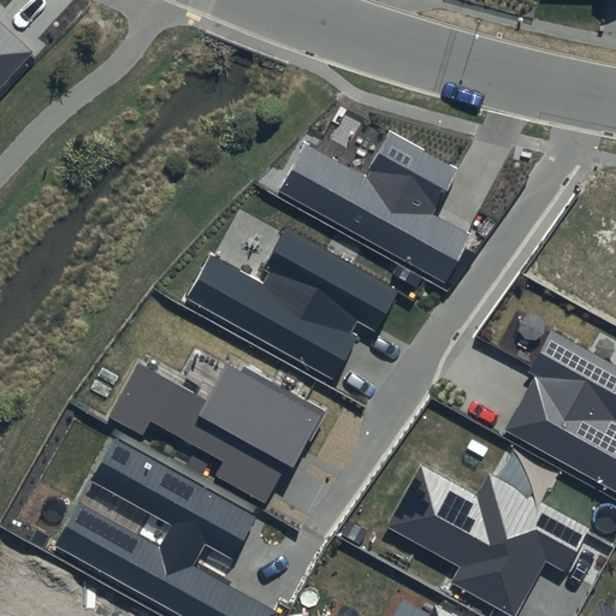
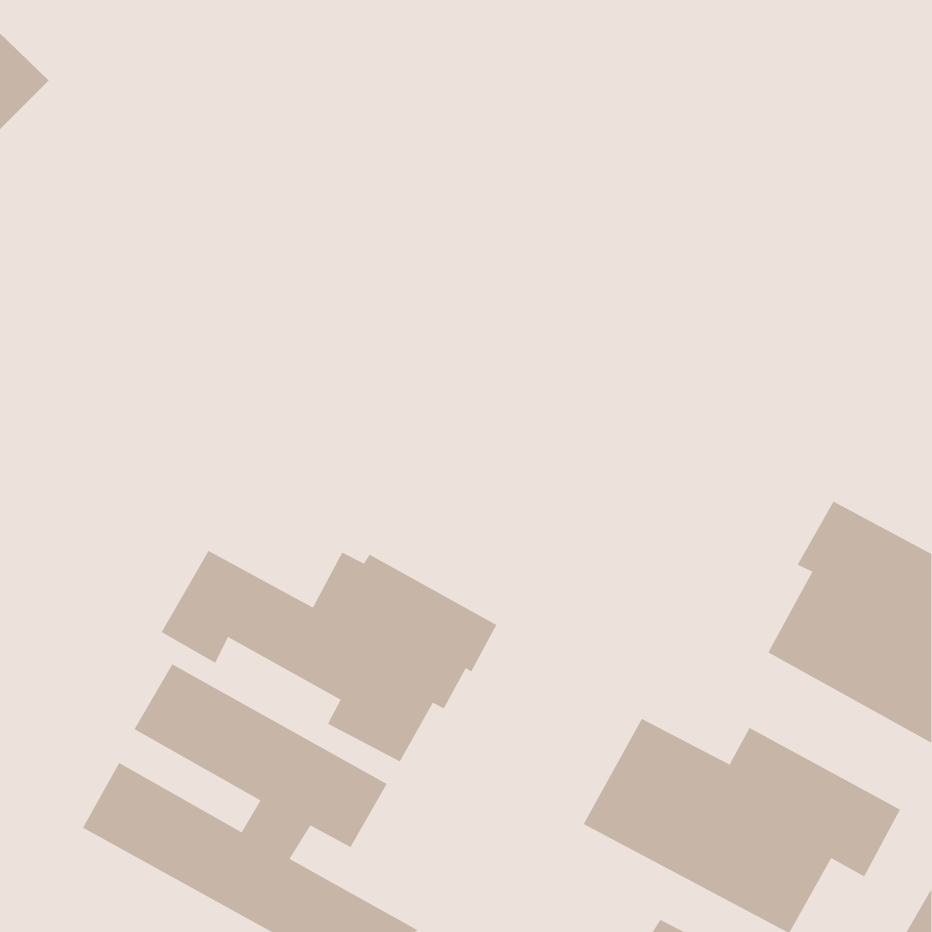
building: [280,131,469,282] -> none
building: [186,230,397,379] -> none

